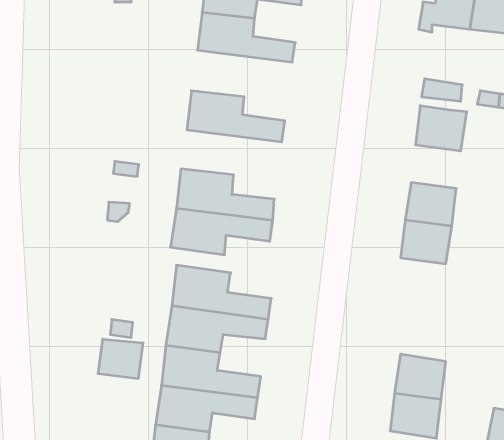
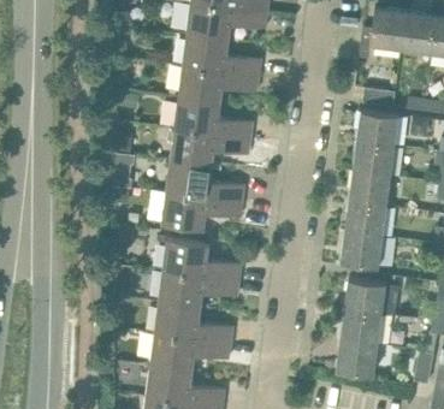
building: none -> [178,66,259,103]
building: none -> [170,130,250,166]
building: none -> [354,142,393,177]
building: none -> [342,232,381,268]
building: none -> [345,279,386,315]
building: [98,339,143,379] -> none

